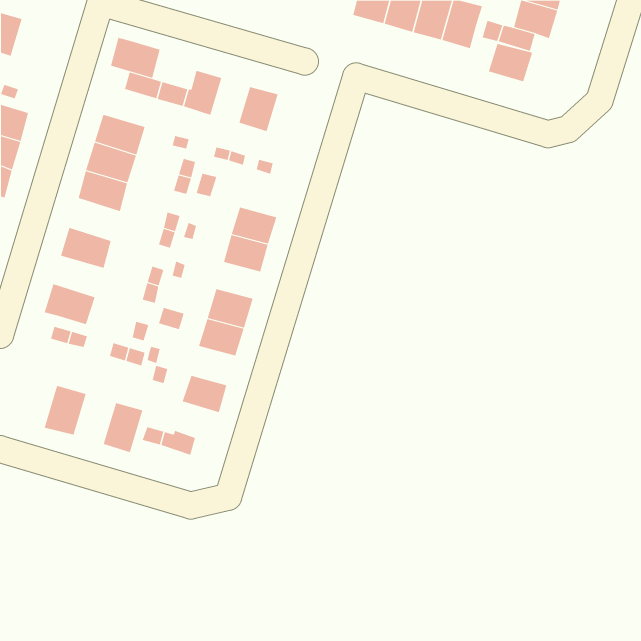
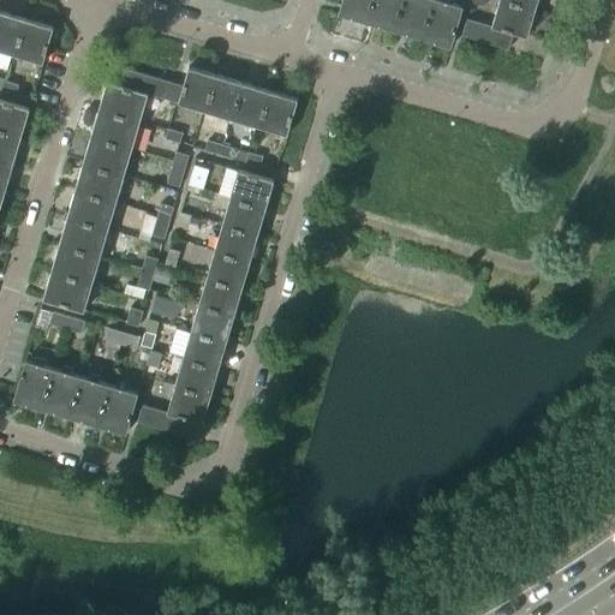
building: none -> [11,18,53,64]
building: [110,37,160,78] -> [98,82,147,121]
building: [488,43,533,82] -> none
building: none -> [202,74,239,118]
building: none -> [256,90,297,135]
building: none -> [229,169,273,208]
building: none -> [66,190,115,231]
building: none -> [50,245,100,285]
building: none -> [207,251,250,286]
building: none -> [183,332,226,369]
building: none -> [13,360,54,410]
building: none -> [71,377,111,425]
building: none -> [167,384,210,423]

